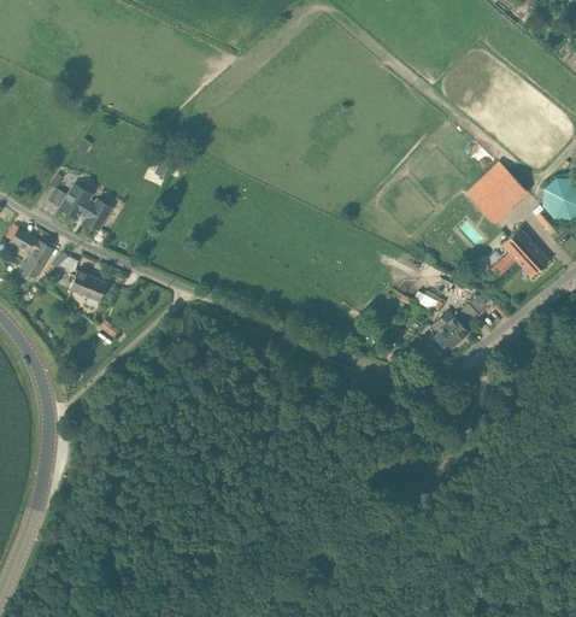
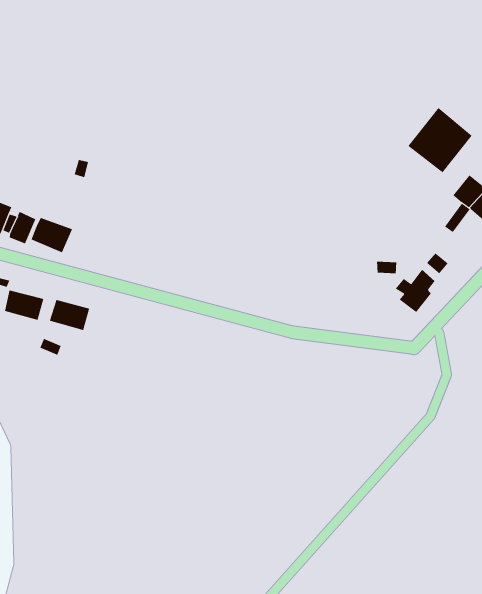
building: none -> [31,217,73,253]
building: none -> [49,299,90,331]

